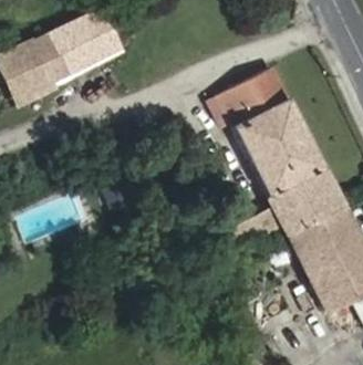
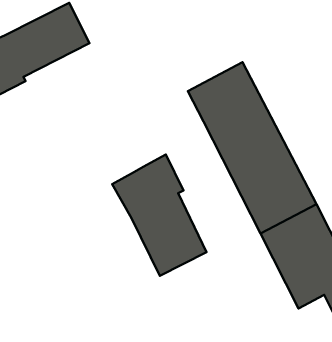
building: none -> [112,155,207,276]

